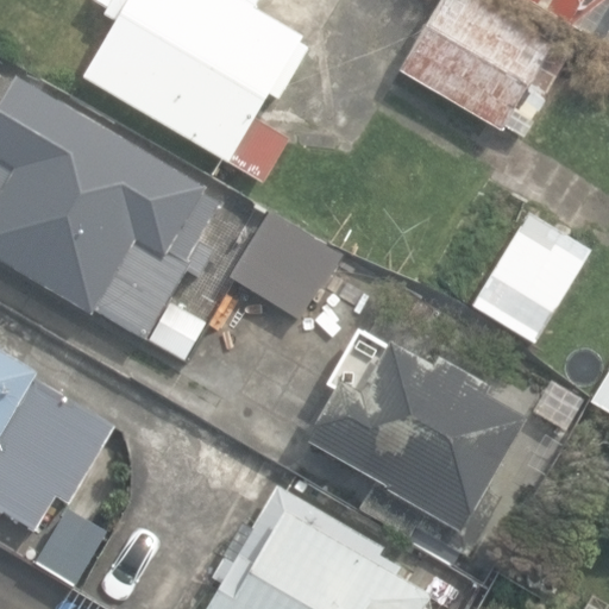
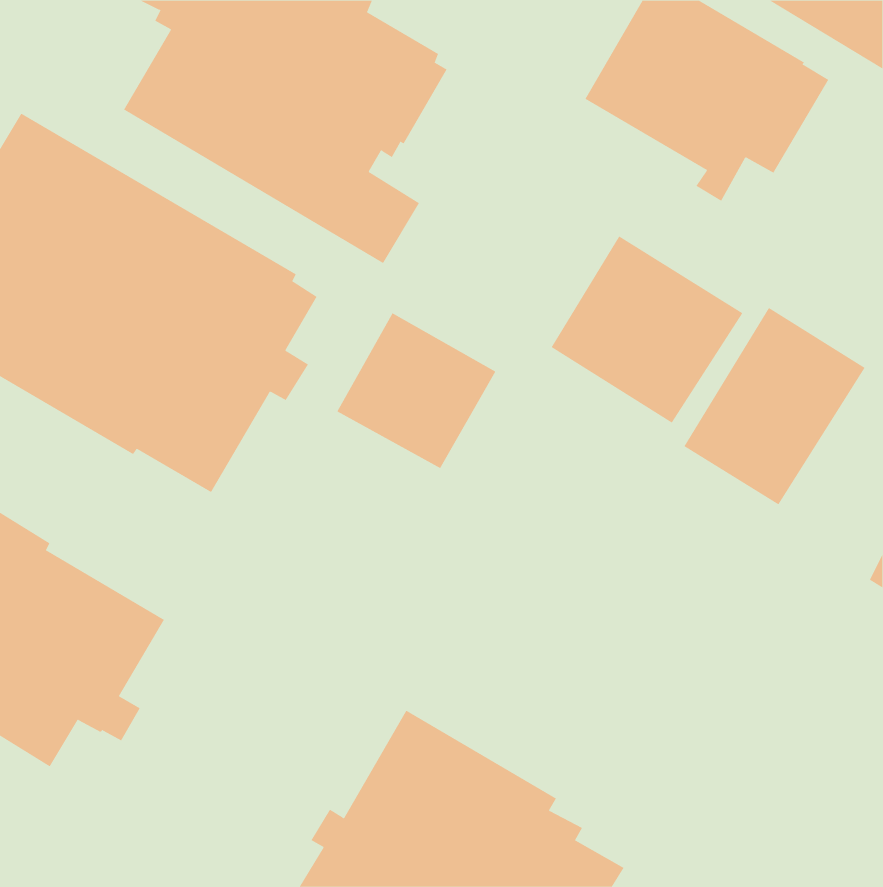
building: none -> [551,235,743,424]
building: [302,328,523,571] -> none

